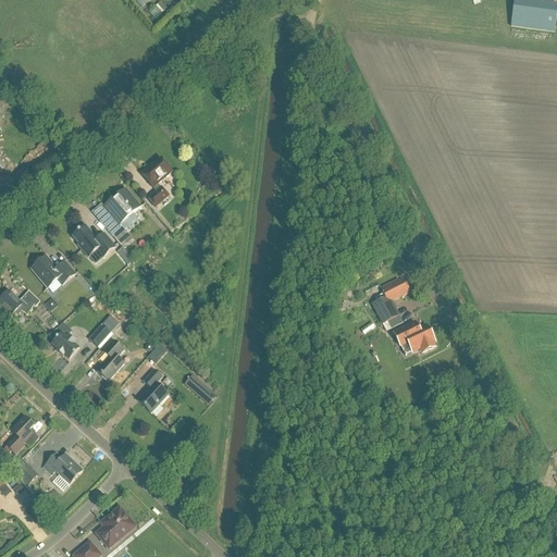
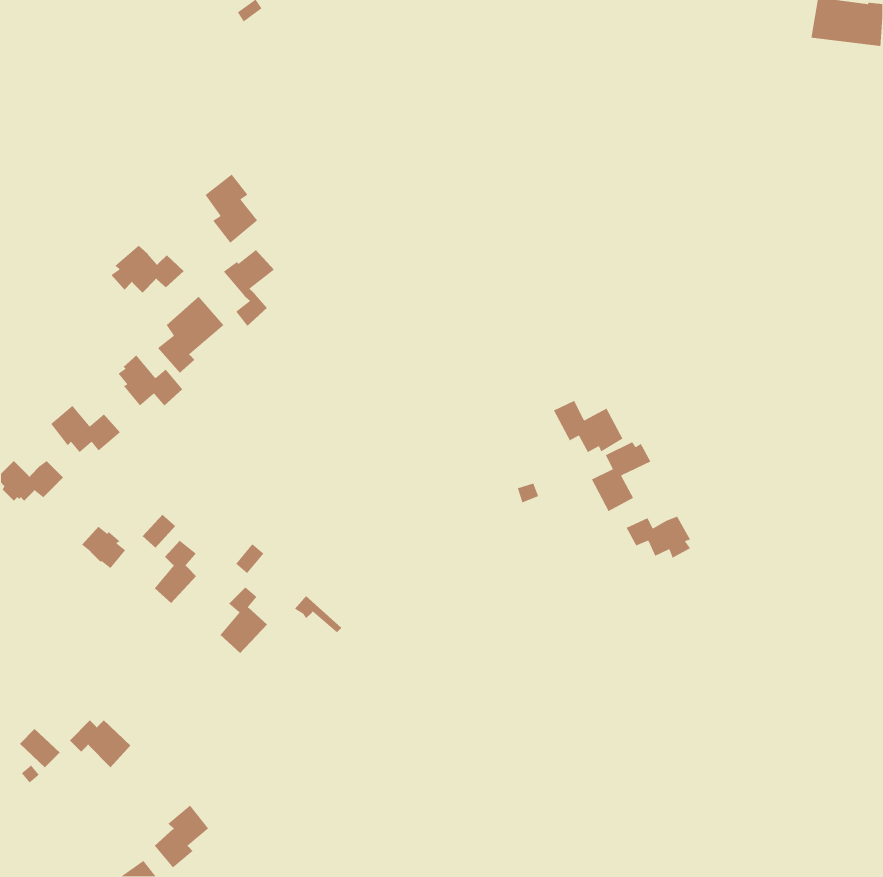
building: none -> [205,174,258,244]
building: none -> [110,245,184,294]
building: none -> [553,400,623,453]
building: [5,414,39,453] -> none

